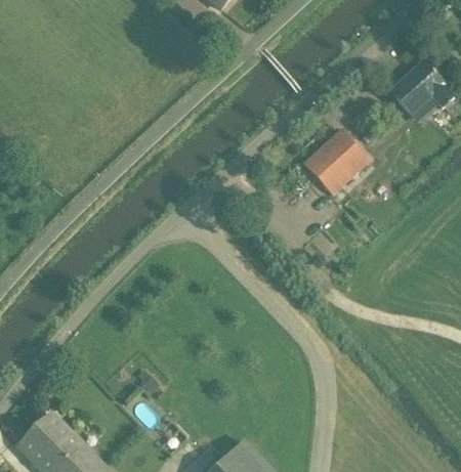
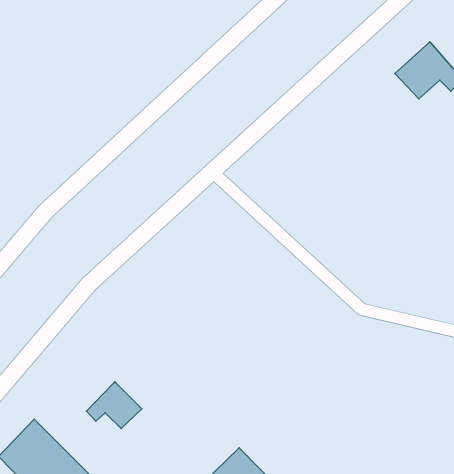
building: [301,128,368,192] -> none
building: none -> [86,382,142,429]

